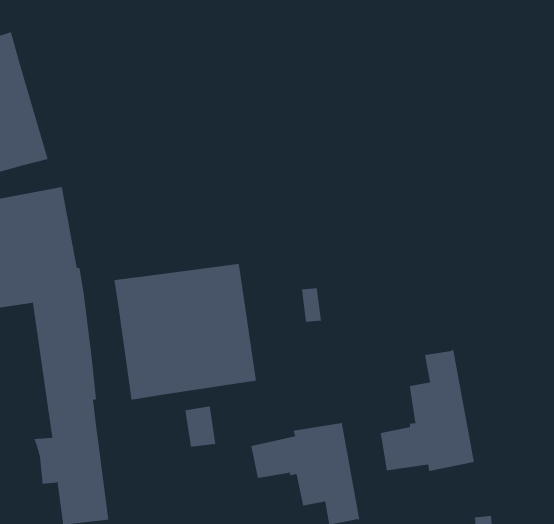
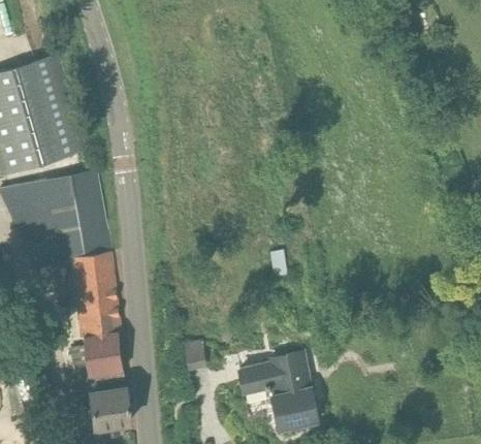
building: [114,263,257,401] -> none
building: [380,349,474,472] -> none

